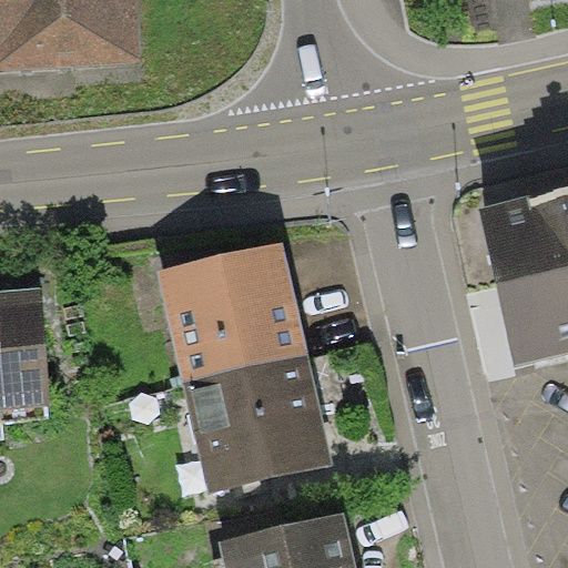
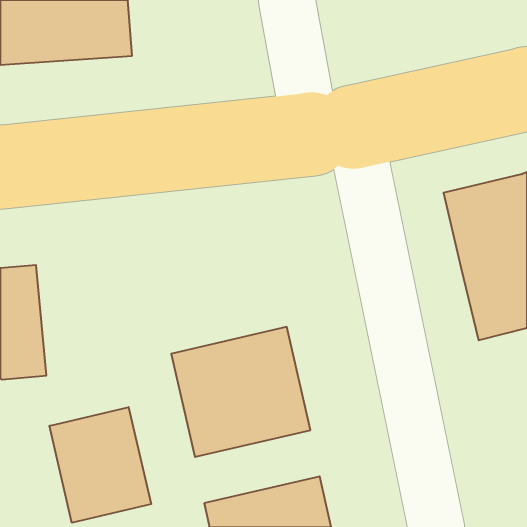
building: [159,241,308,381] -> none
building: none -> [49,407,151,523]

